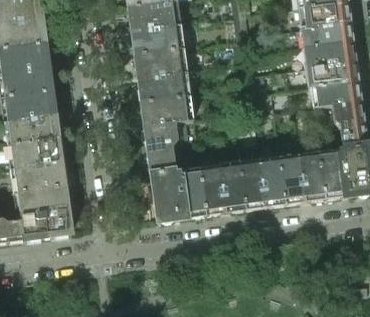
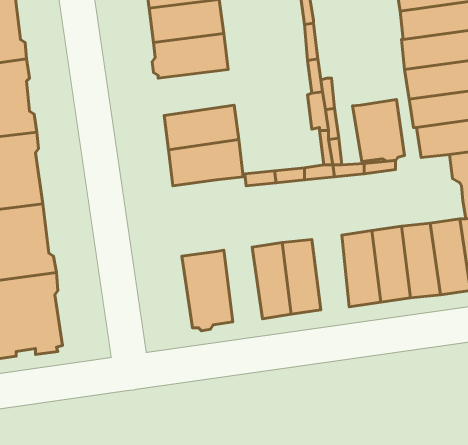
building: [133,48,186,79] -> none
building: none -> [352,100,404,162]
building: [144,122,177,173] -> none
building: [238,159,263,209] -> none
building: [179,167,205,217] -> none

